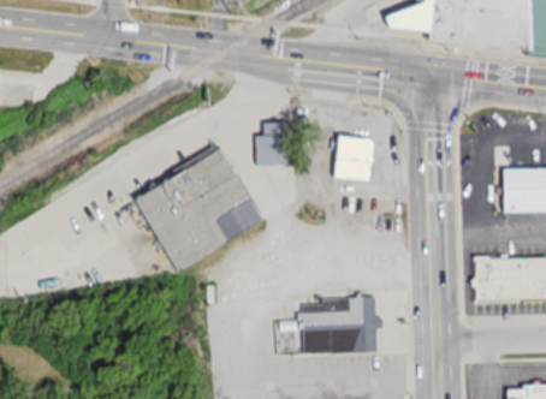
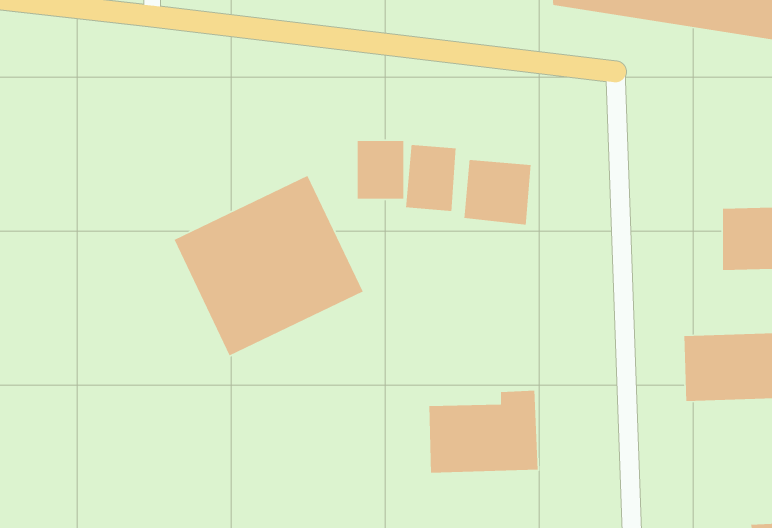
building: none -> [405,144,457,212]

